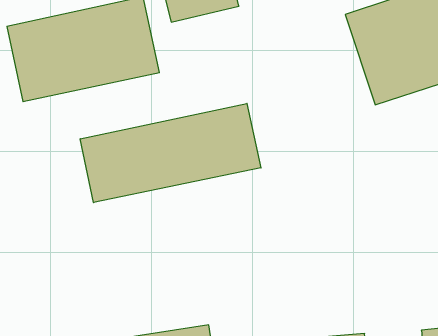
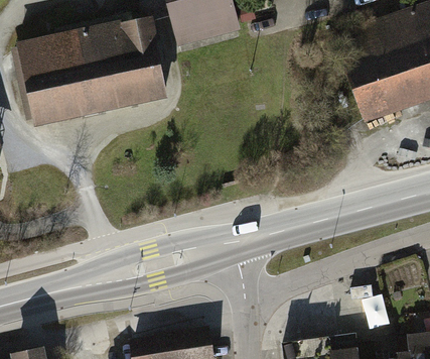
building: [80,103,261,203] -> none

